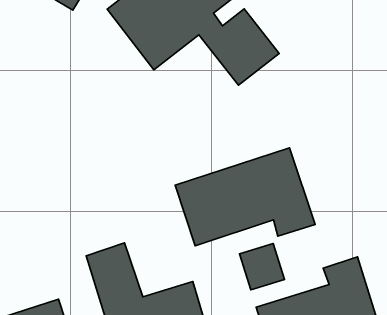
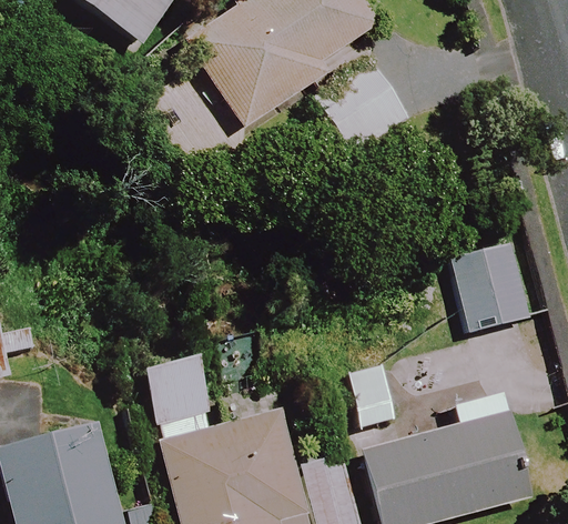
building: none -> [449,239,532,331]
building: [175,148,315,246] -> none

